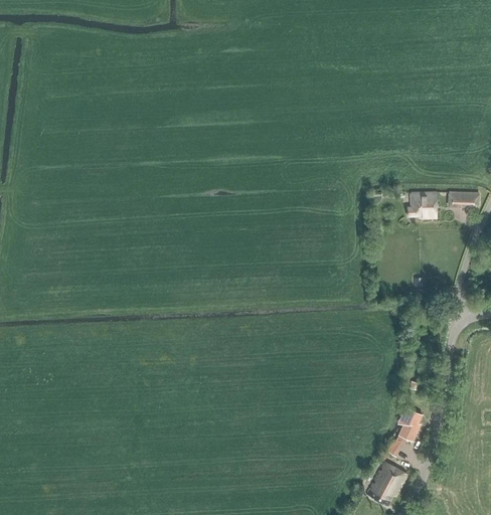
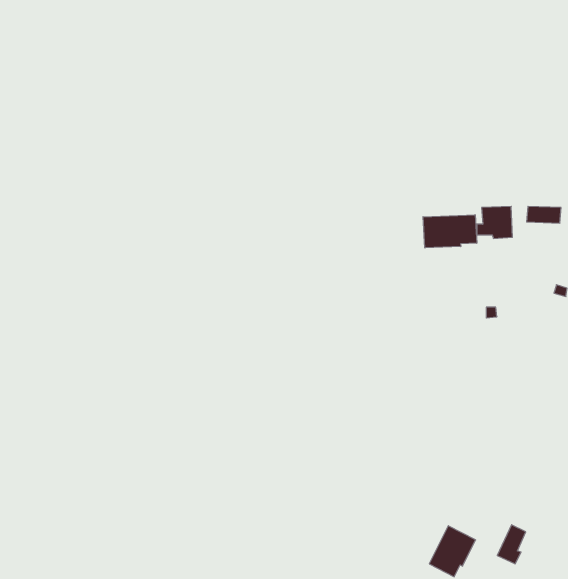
building: none -> [423,215,477,248]
building: [398,406,423,440] -> [497,525,526,564]

